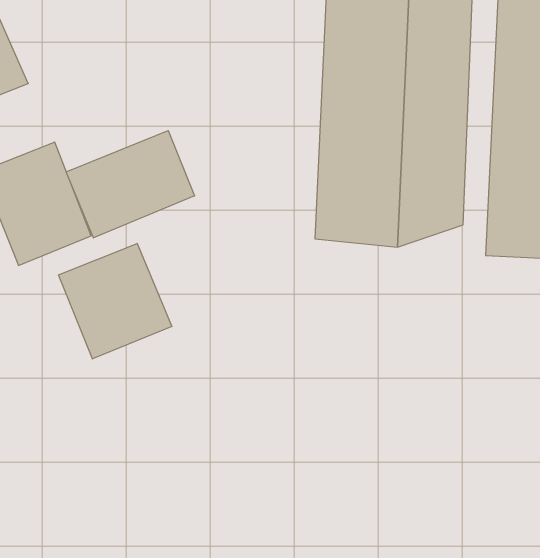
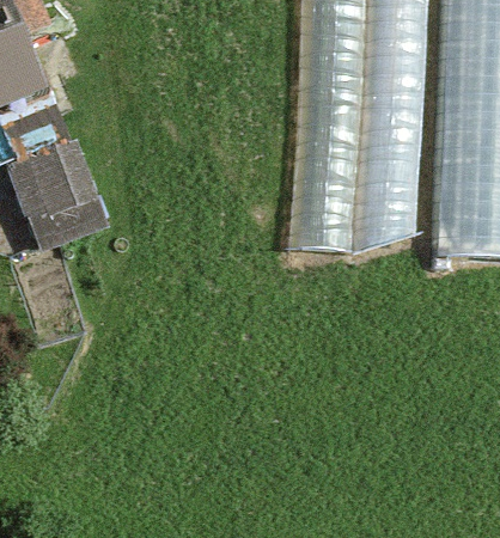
building: [66,131,195,238] -> none
building: [59,243,172,359] -> none

